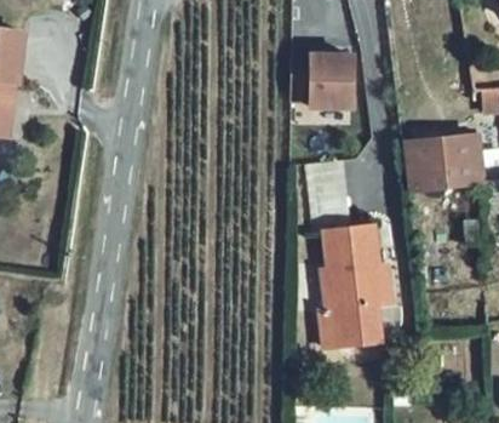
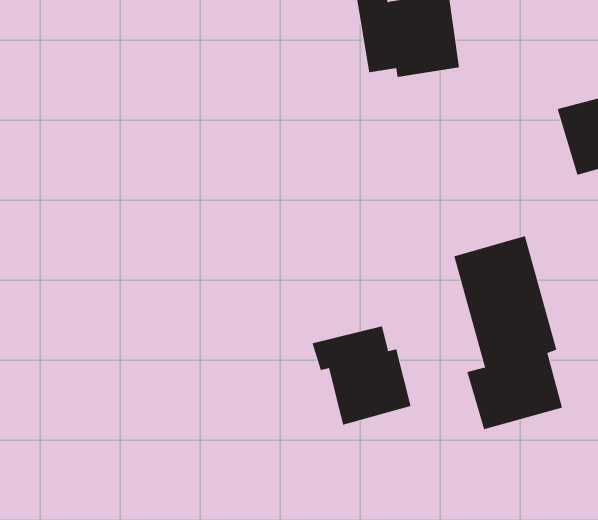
building: none -> [312,325,411,425]

